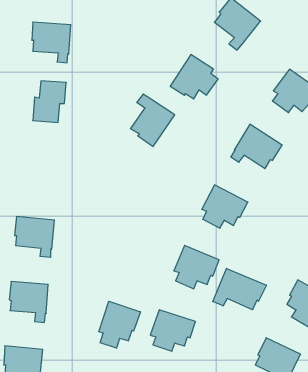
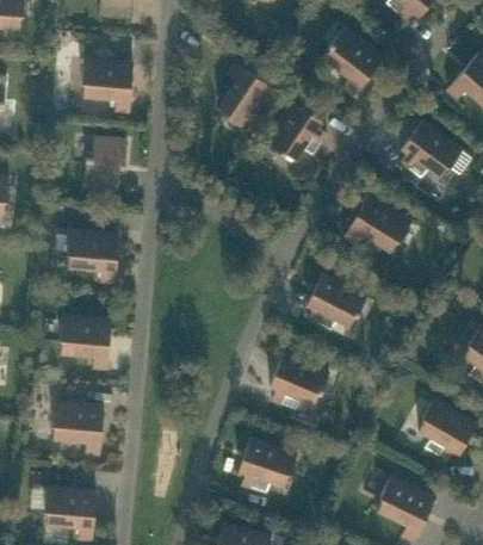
building: [130,94,175,147] -> [217,66,275,135]
building: none -> [66,231,118,285]
building: [213,268,266,310] -> none
building: [99,301,140,348] -> none

